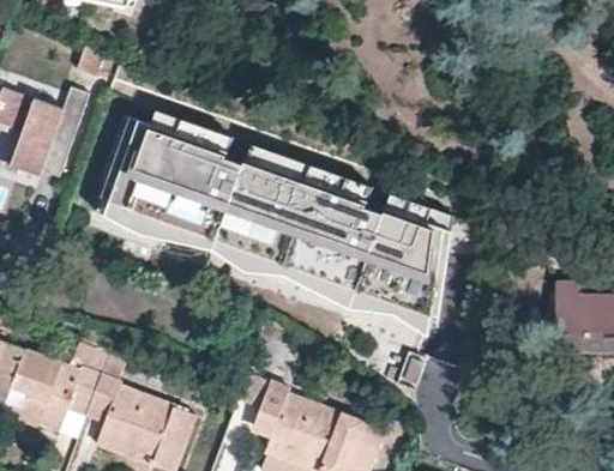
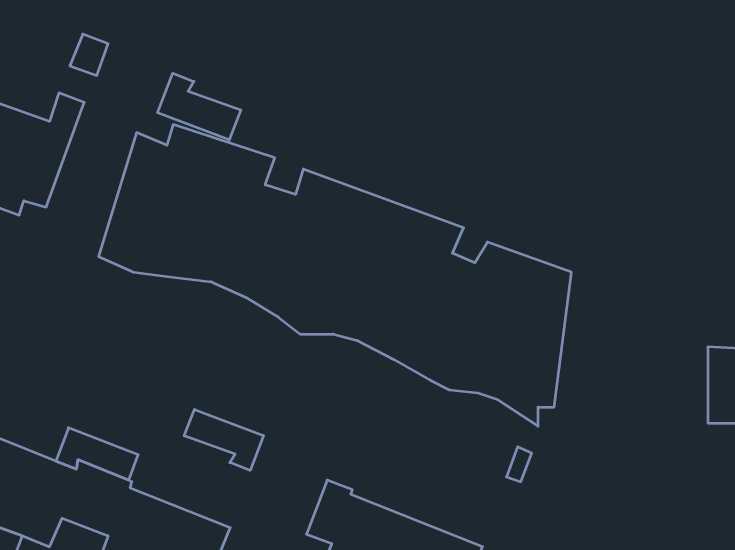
building: none -> [158,73,241,140]
building: none -> [184,409,263,470]

